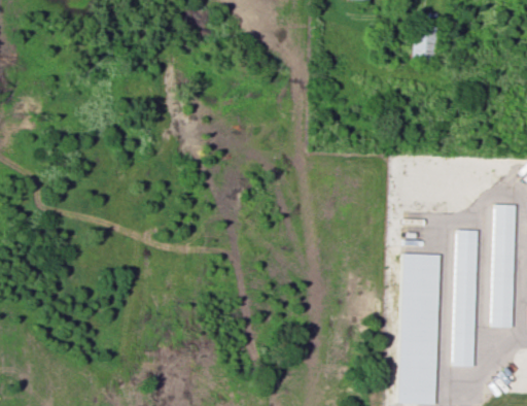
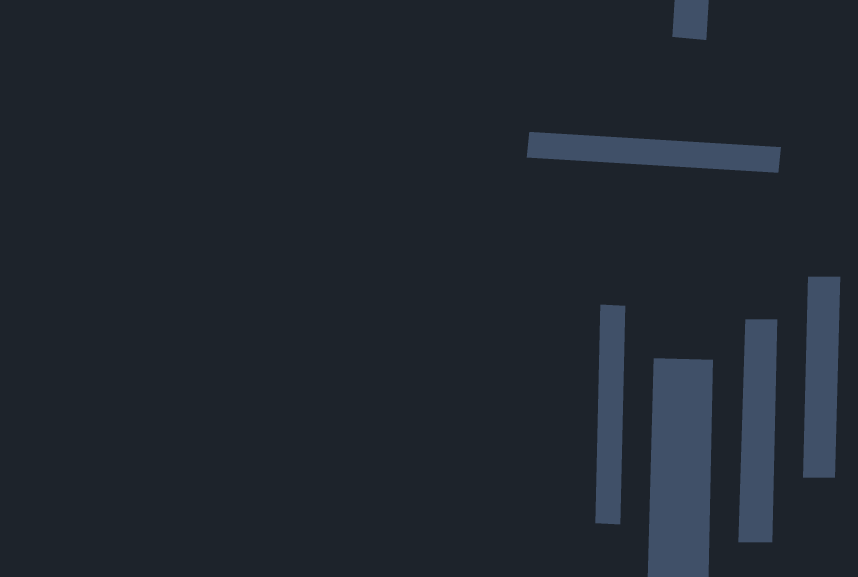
building: none -> [526,131,781,174]
building: none -> [595,304,626,525]

